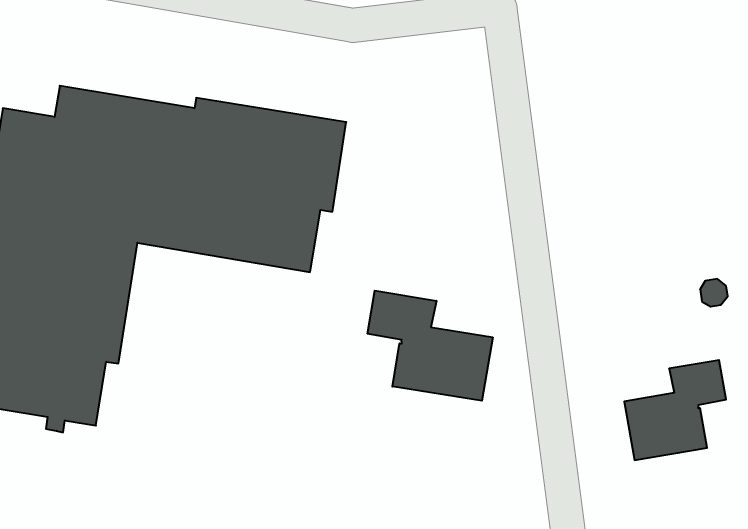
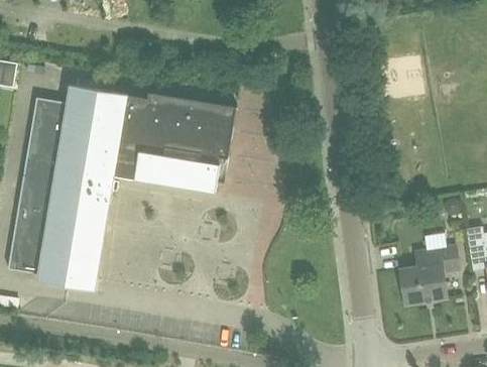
building: [368,291,493,401] -> none

